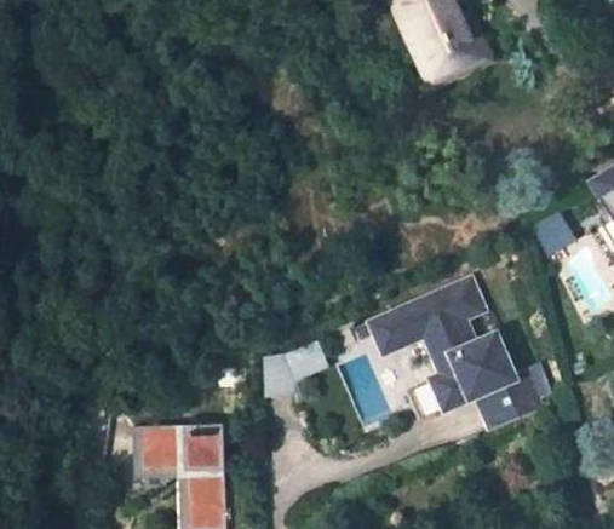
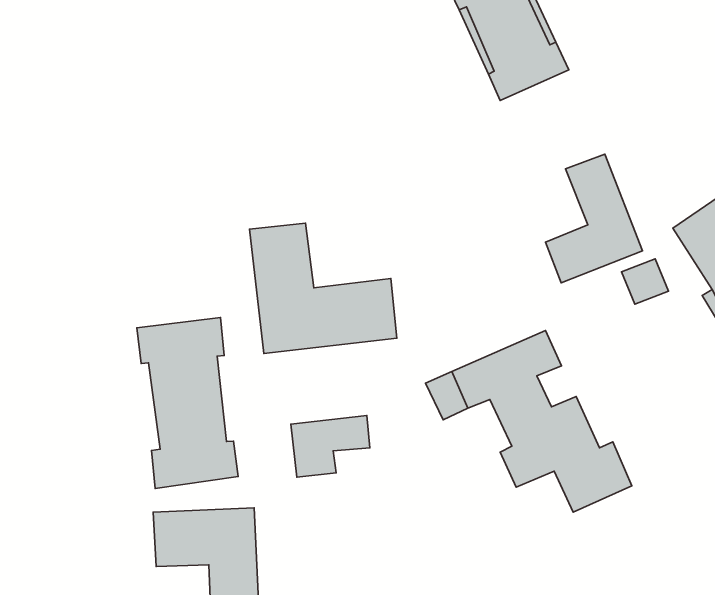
building: none -> [546,154,642,283]
building: none -> [249,223,397,354]
building: none -> [137,318,238,489]

